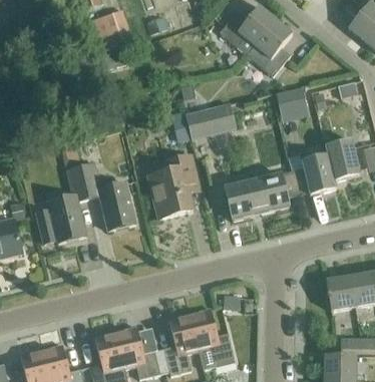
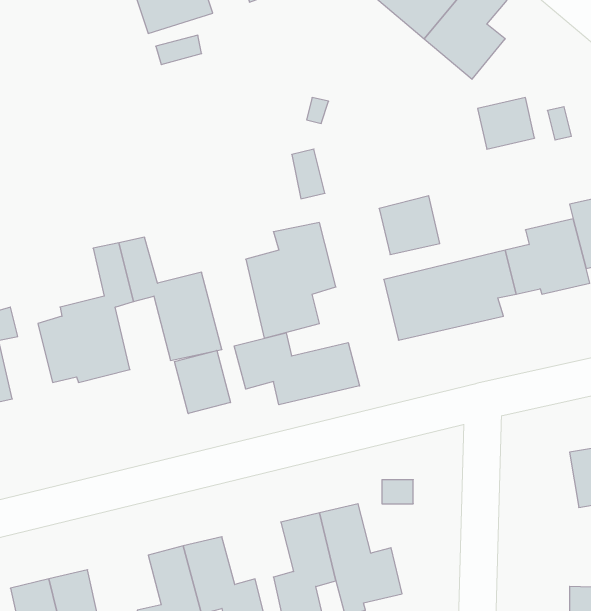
building: [202,103,235,135] -> [379,196,440,255]
building: none -> [234,333,360,405]
building: none -> [175,350,230,414]

